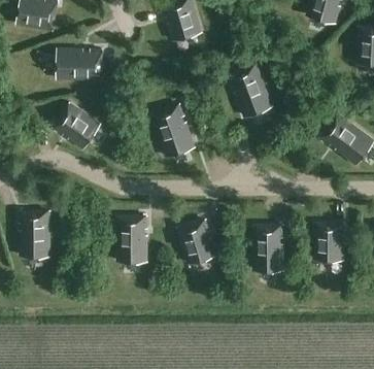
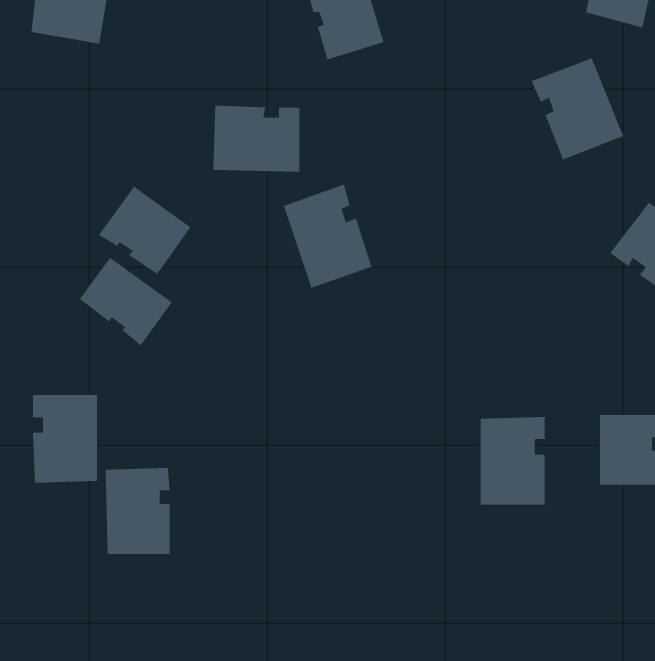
building: [59,47,104,82] -> [213,105,300,173]
building: [227,62,275,115] -> [531,57,624,160]
building: none -> [79,257,173,346]
building: [117,217,151,263] -> [105,467,171,555]
building: [177,219,217,263] -> none

